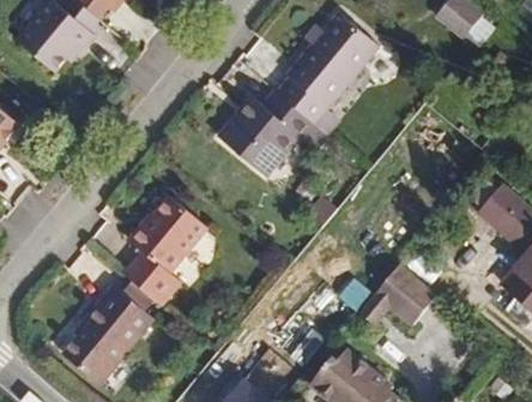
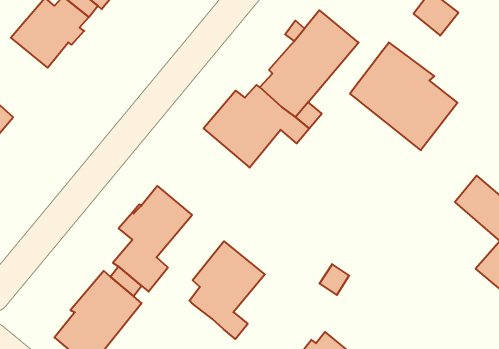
building: none -> [350,42,458,150]
building: none -> [189,241,265,339]
building: [358,263,439,324] -> none

